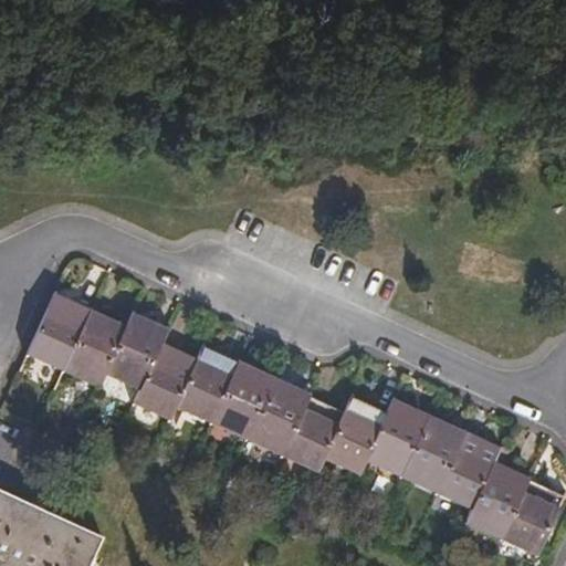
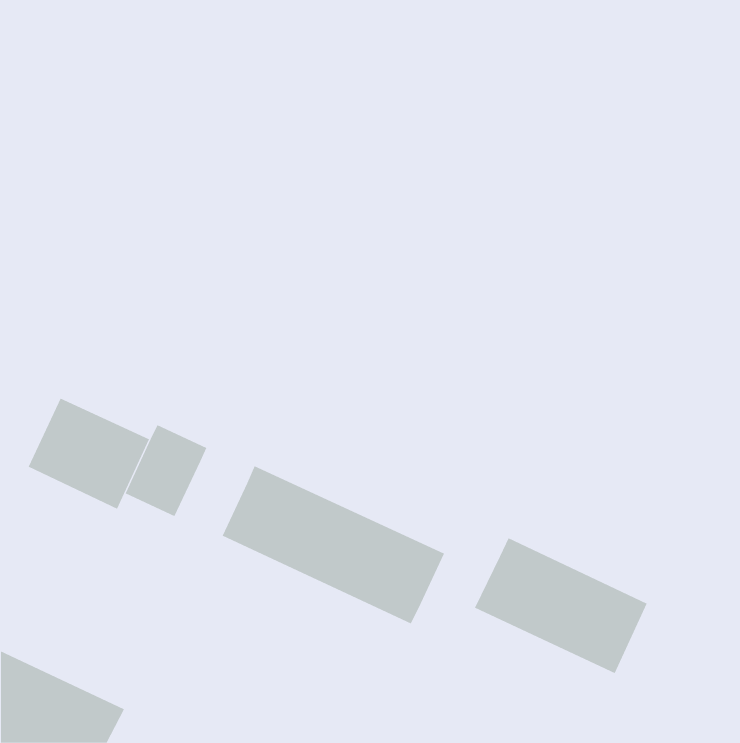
building: [134,347,193,417] -> none
building: [325,402,384,471] -> none
building: [465,467,560,553] -> none

